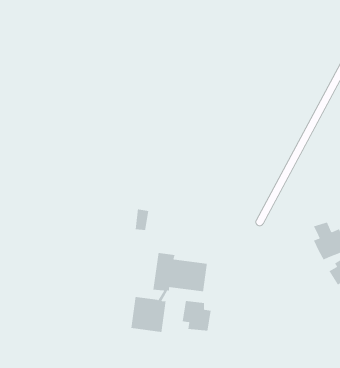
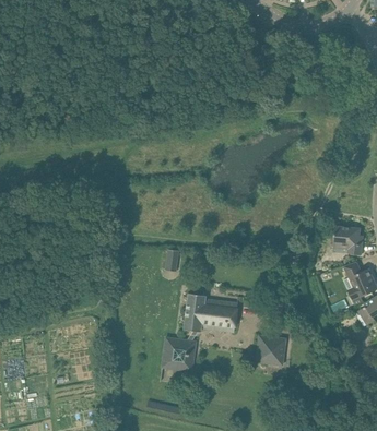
building: none -> [334,225,363,253]
building: [182,301,212,331] -> [256,334,285,364]

